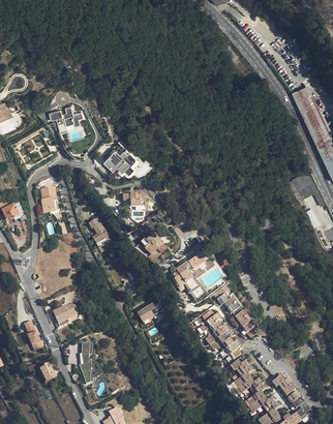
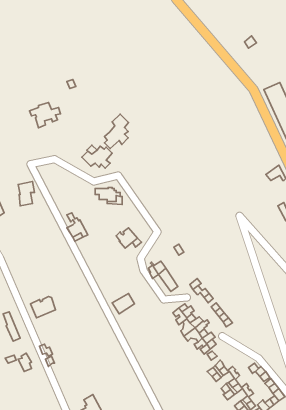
building: none -> [104,114,129,149]
building: [79,341,102,384] -> none

